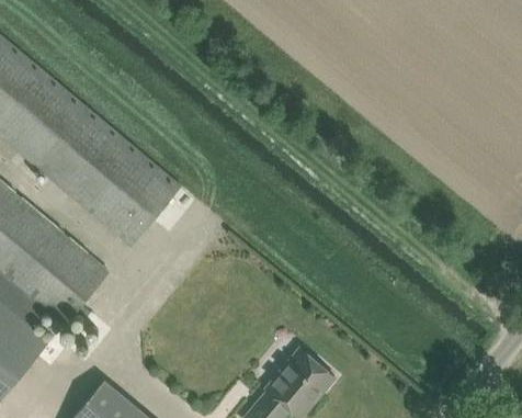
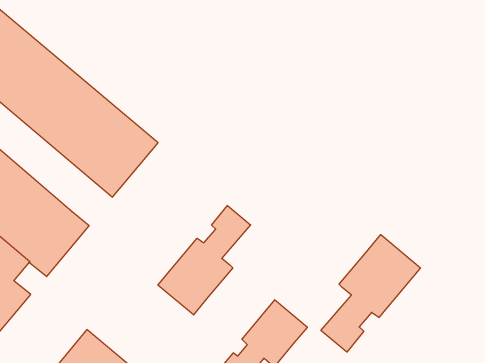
building: none -> [158,206,251,315]
building: none -> [321,235,421,352]

